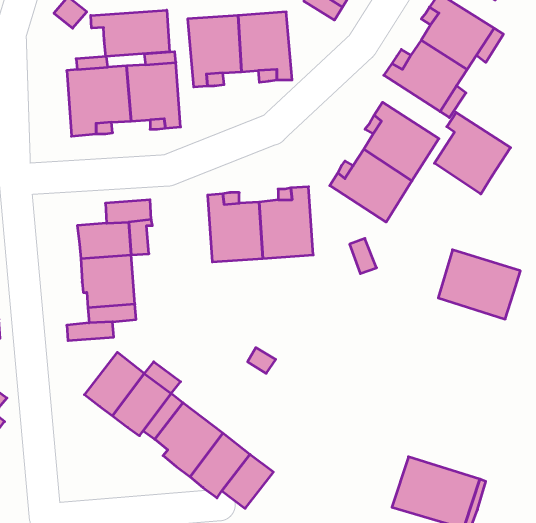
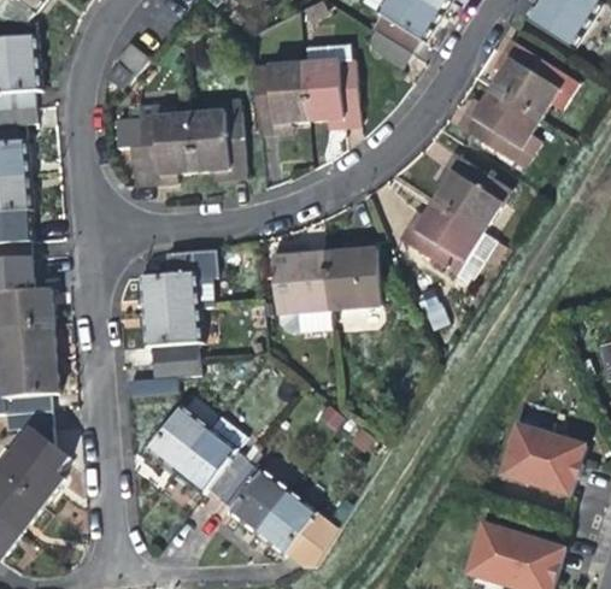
building: [91,10,170,57] -> none
building: [434,112,511,194] -> none
building: [438,250,520,319] -> [500,416,584,487]

